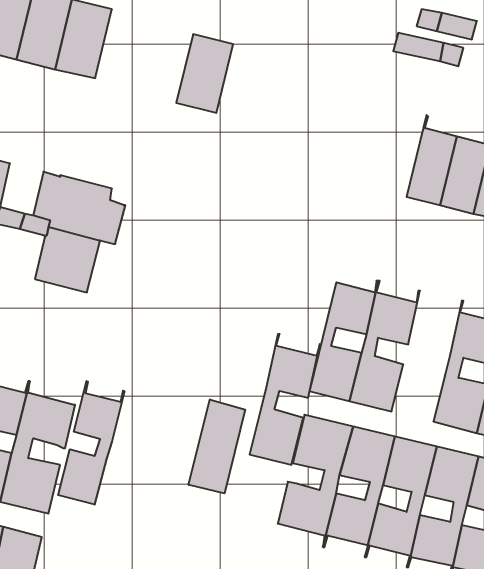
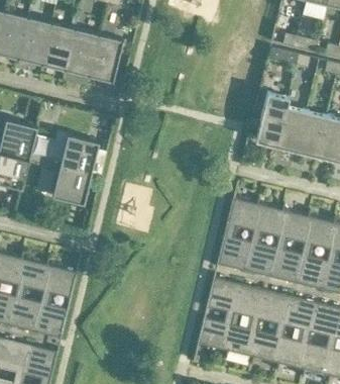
building: [176,34,233,113] -> [88,33,122,81]
building: none -> [254,92,288,147]
building: [250,334,320,465] -> [266,203,309,282]
building: [58,381,124,505] -> none
building: [189,399,245,493] -> none

